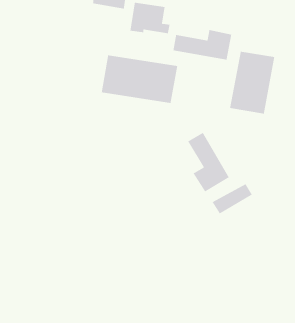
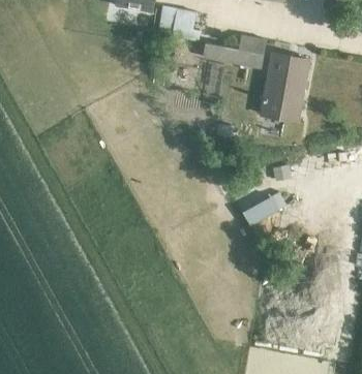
building: [101,55,178,104] -> none
building: [187,132,230,192] -> none

